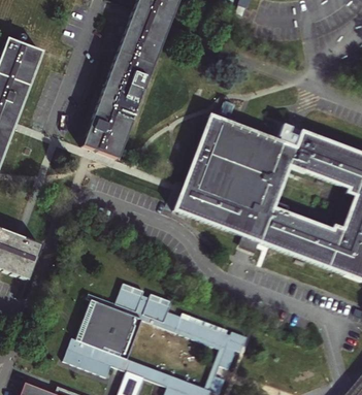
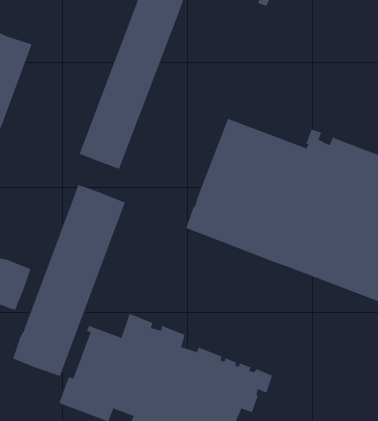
building: none -> [12,184,126,377]

